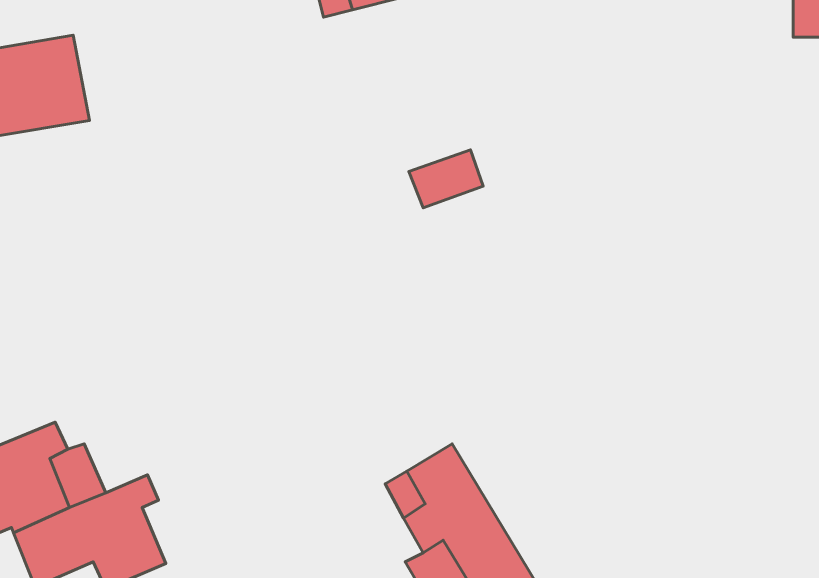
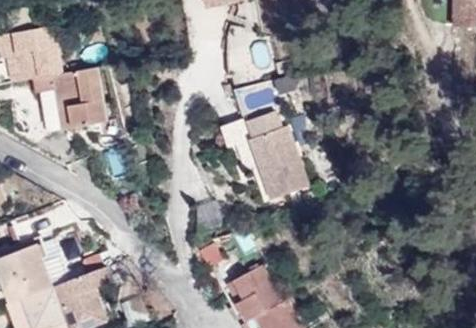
building: none -> [30,67,106,132]
building: none -> [237,124,310,197]

